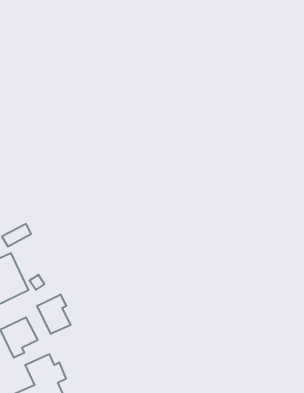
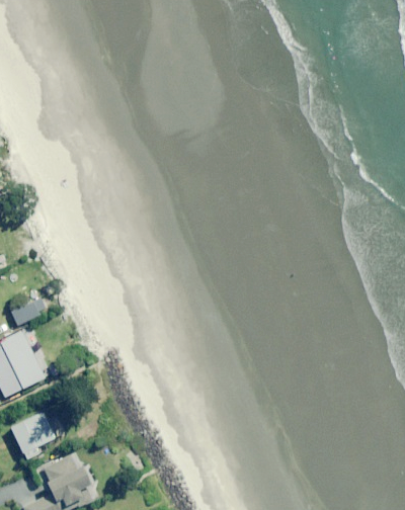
building: [37,294,70,334] -> none

